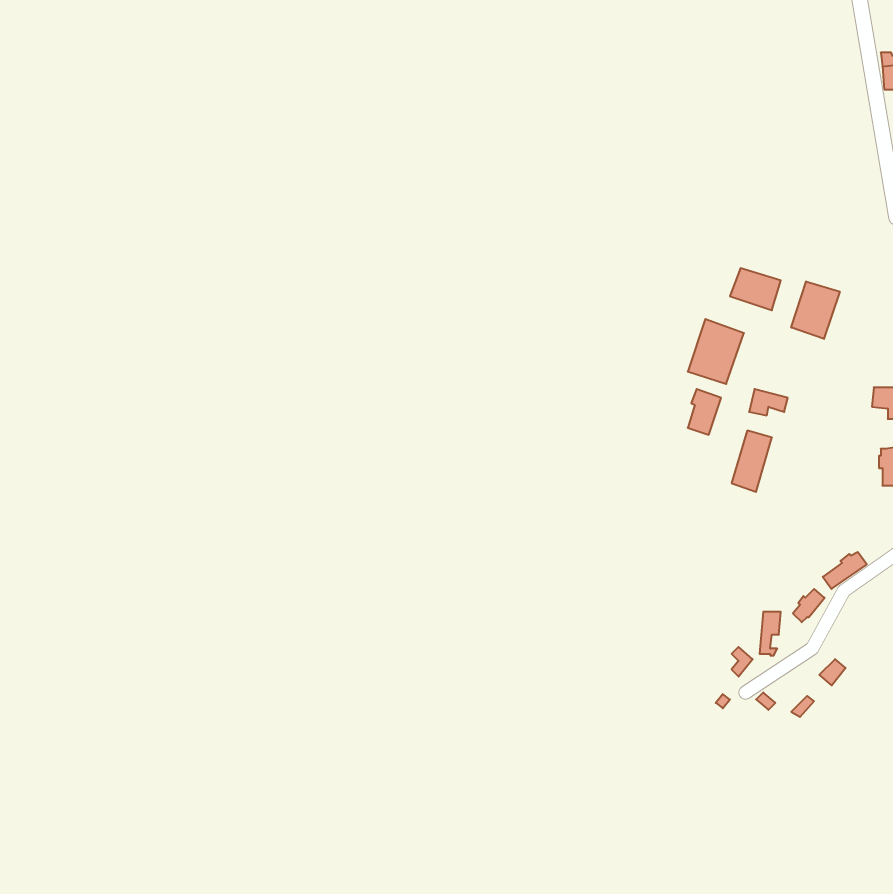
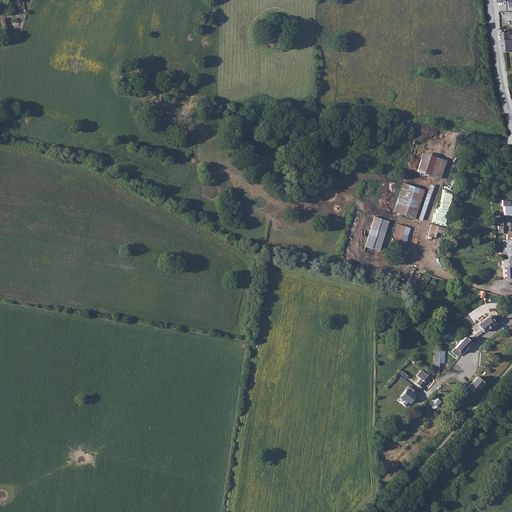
building: [791,281,840,339] -> none
building: [732,431,772,492] -> [367,216,390,251]

